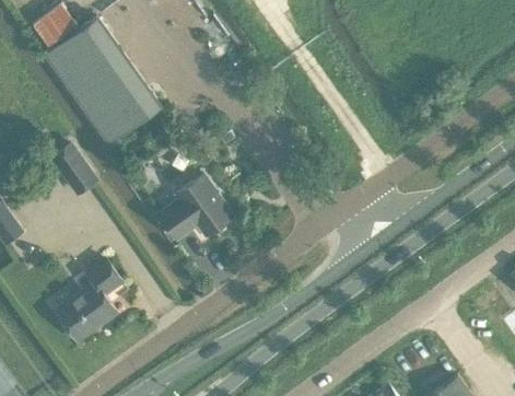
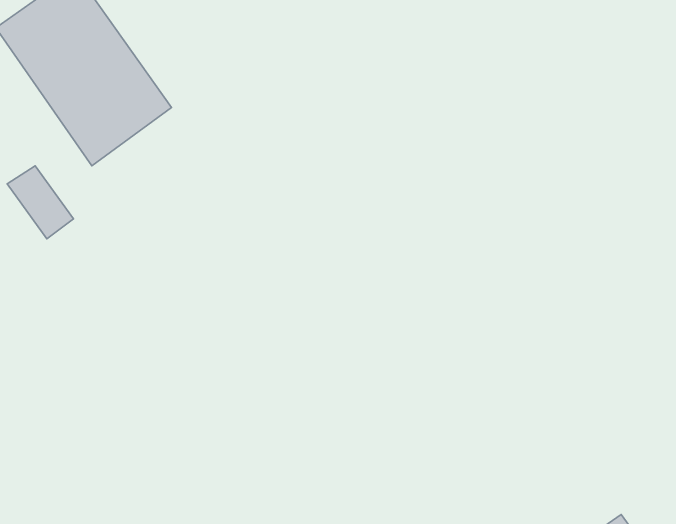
building: [157,174,234,241] -> none
building: [57,260,121,340] -> none

